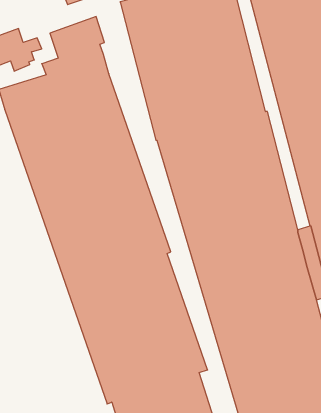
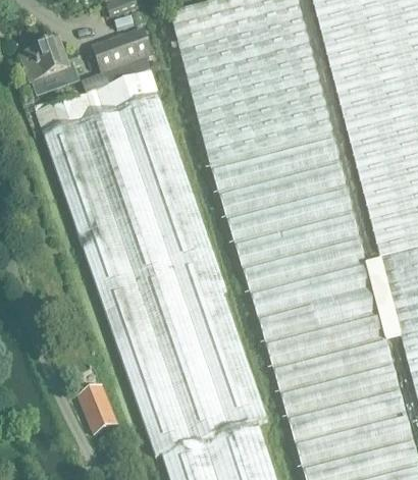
building: none -> [81,390,115,437]

